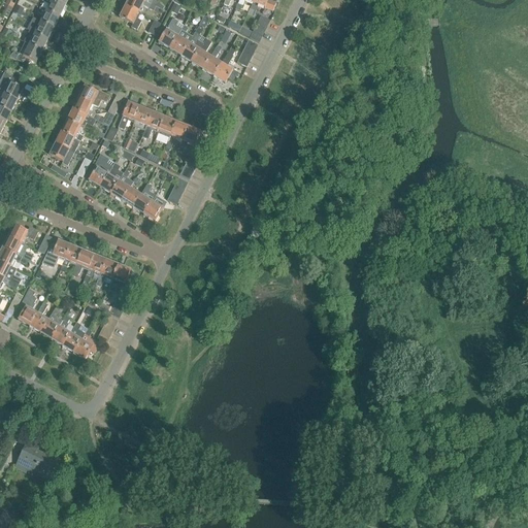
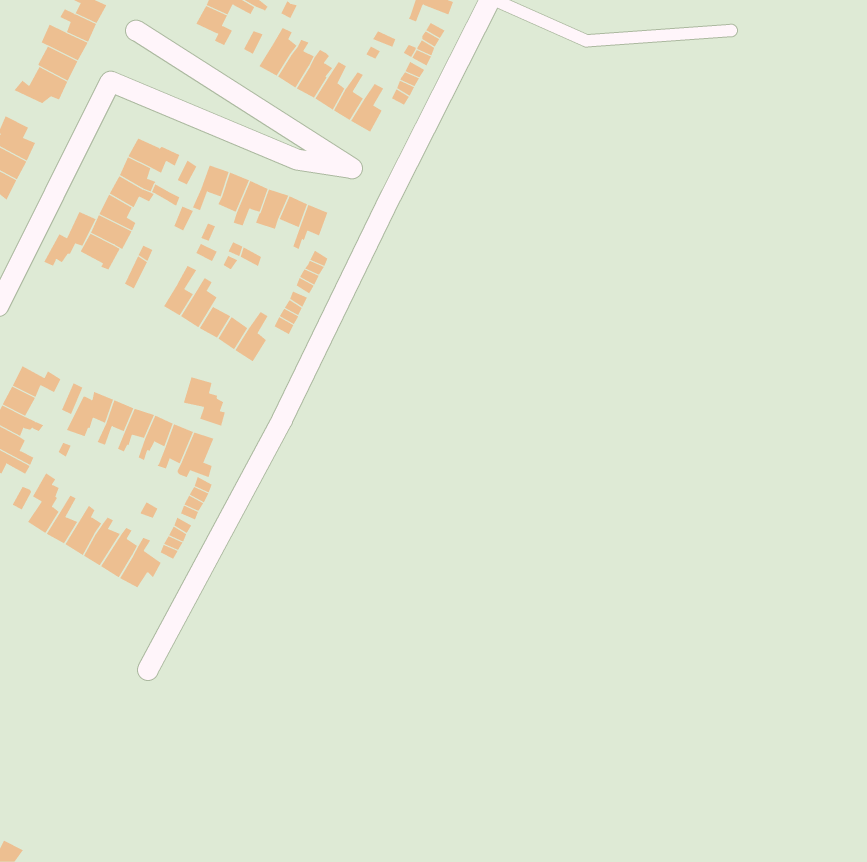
building: none -> [44,211,96,266]
building: [88,153,113,186] -> none
building: none -> [183,377,226,427]
building: [14,449,58,480] -> none

